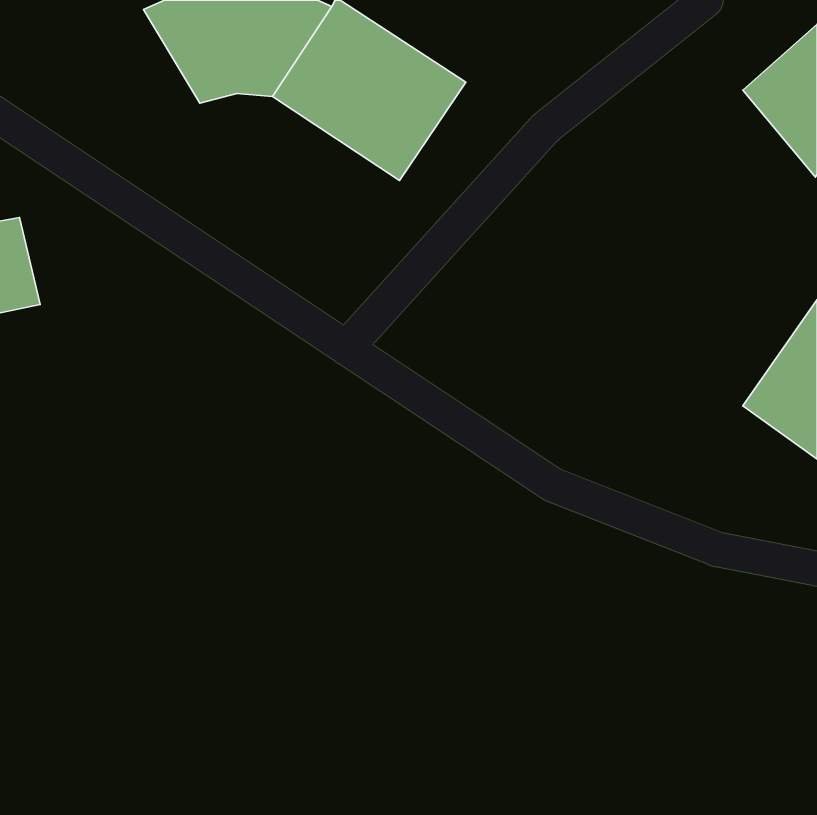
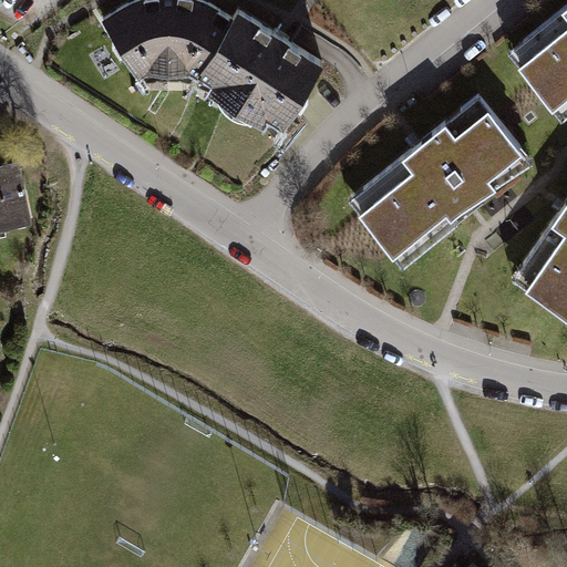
building: none -> [355,101,536,269]

